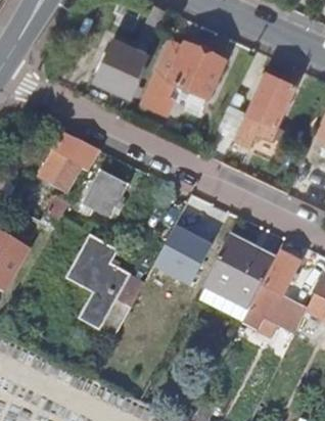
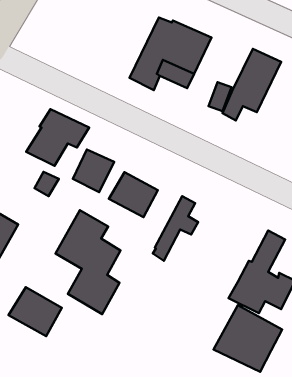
building: [95,36,151,94] -> none
building: none -> [109,172,158,217]
building: [203,239,273,307] -> [213,305,282,372]
building: none -> [8,287,62,336]

